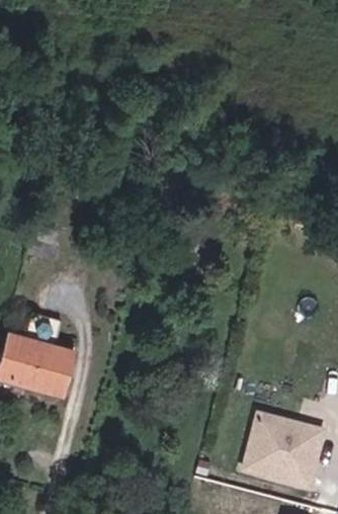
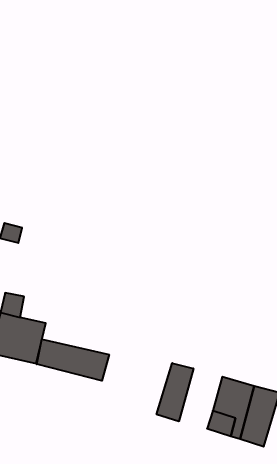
building: none -> [37,339,109,381]
building: none -> [157,363,193,421]

